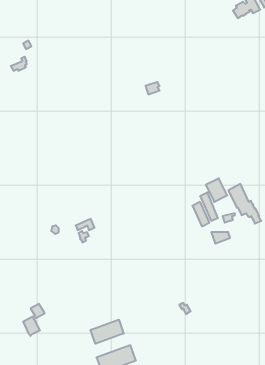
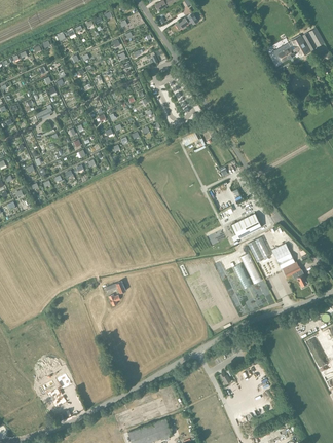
building: none -> [232,212,262,237]
building: [91,320,124,344] -> none

